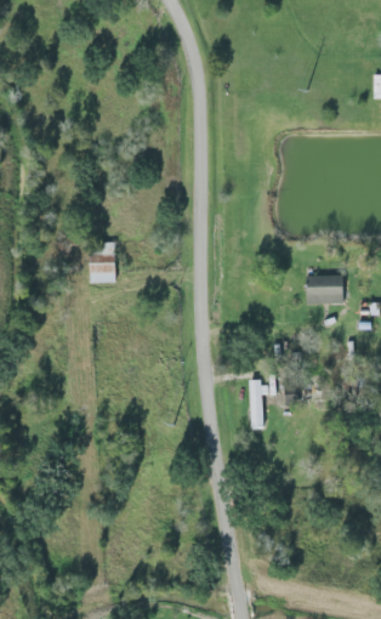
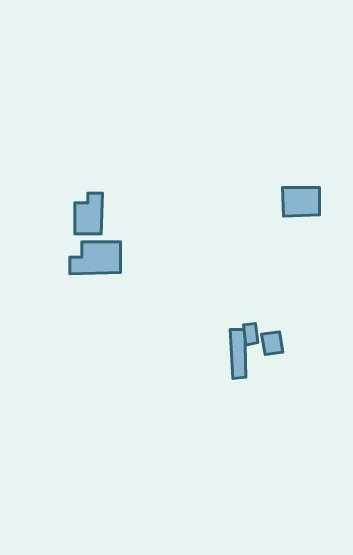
building: [306,276,343,305] -> [282,187,320,216]
building: none -> [70,242,121,274]

